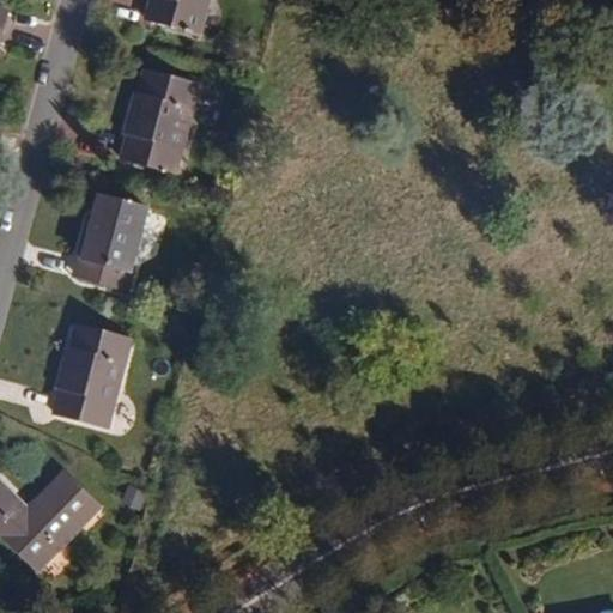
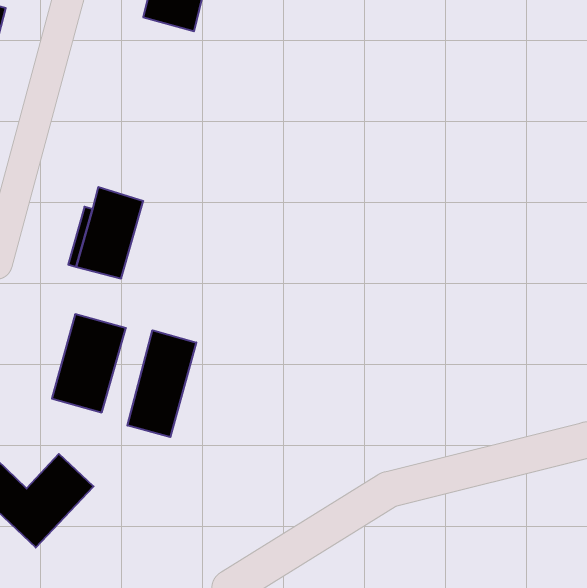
building: [123,71,199,172] -> none
building: none -> [127,330,196,437]

